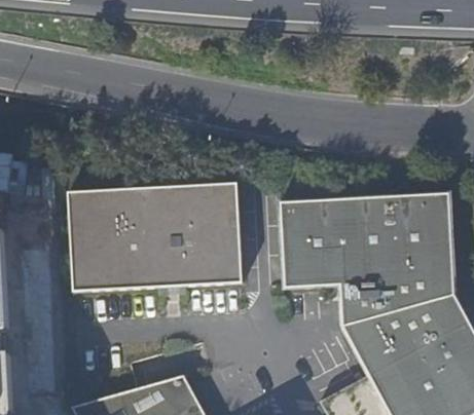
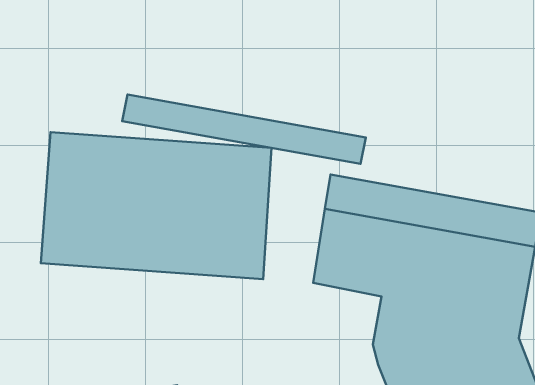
building: none -> [122,95,366,164]

